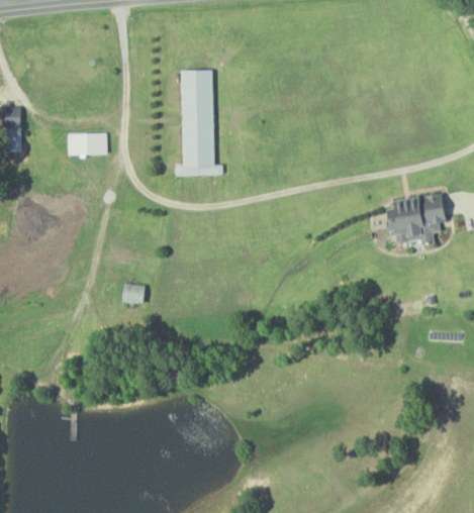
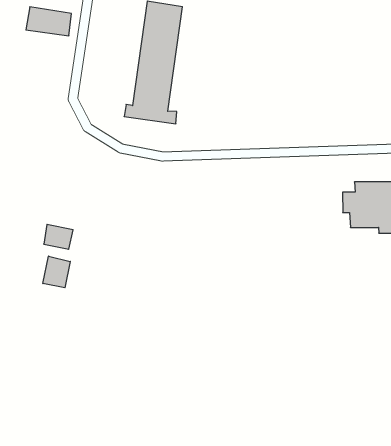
building: [68,133,107,155] -> [26,7,71,36]
building: none -> [43,256,70,288]

